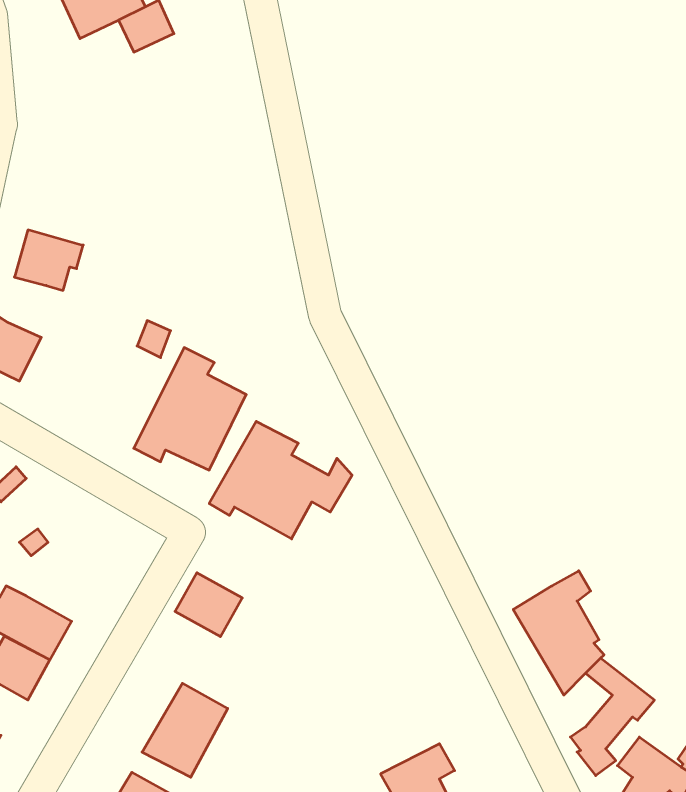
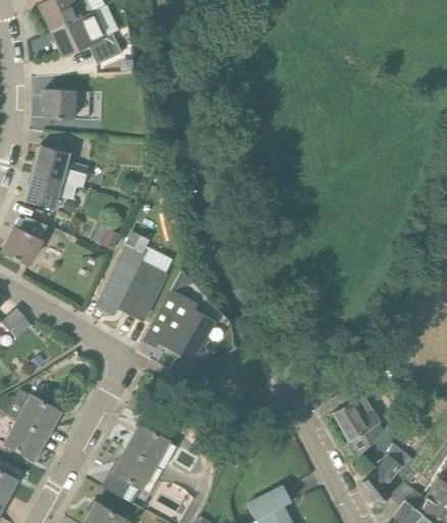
building: none -> [44,88,77,120]
building: none -> [33,145,87,187]
building: [175,573,242,637] -> [127,425,167,464]

